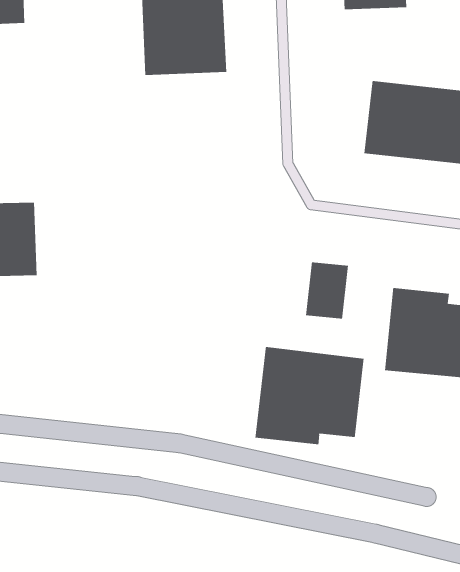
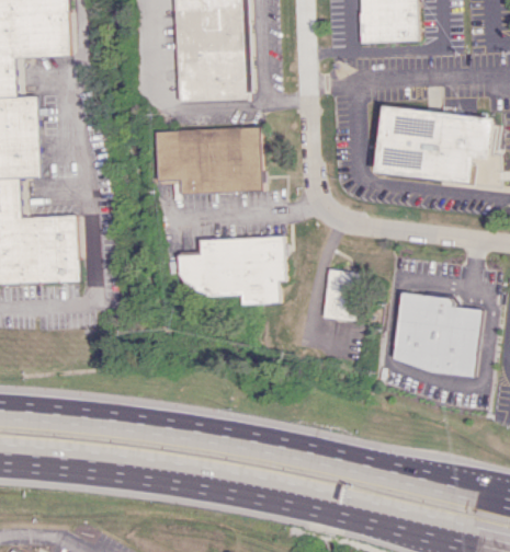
building: none -> [157,127,262,194]
building: none -> [181,237,287,304]
building: [255,346,364,445] -> none

